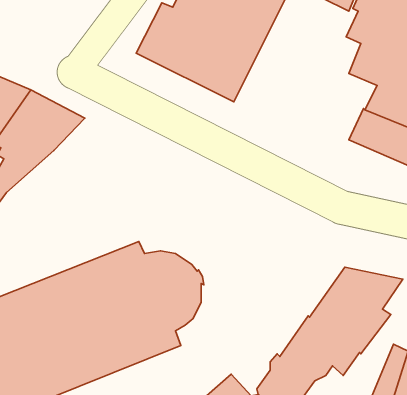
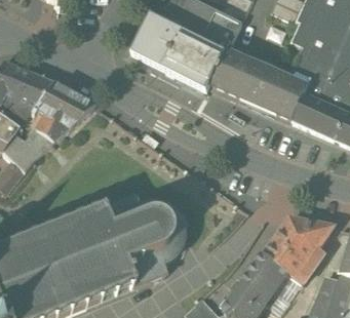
building: none -> [209,51,307,119]

